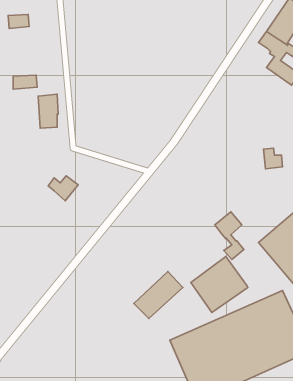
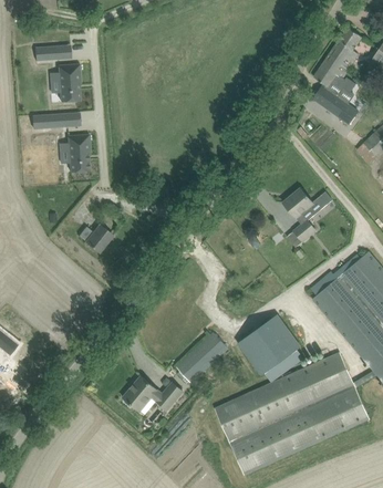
building: none -> [58,64,81,102]
building: [215,212,244,260] -> [282,188,314,241]
building: none -> [122,376,182,415]

